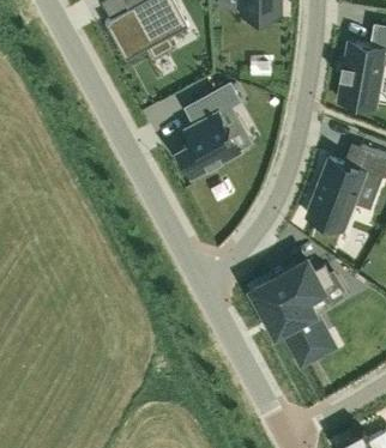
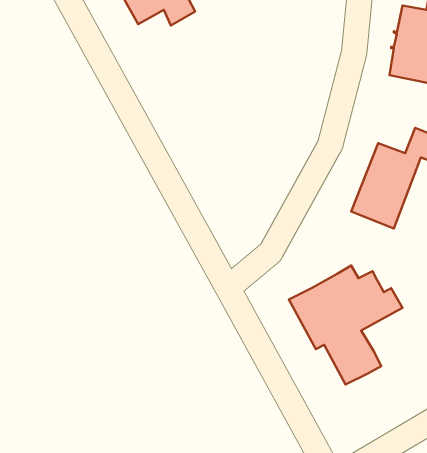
building: [177,85,241,180] -> none

